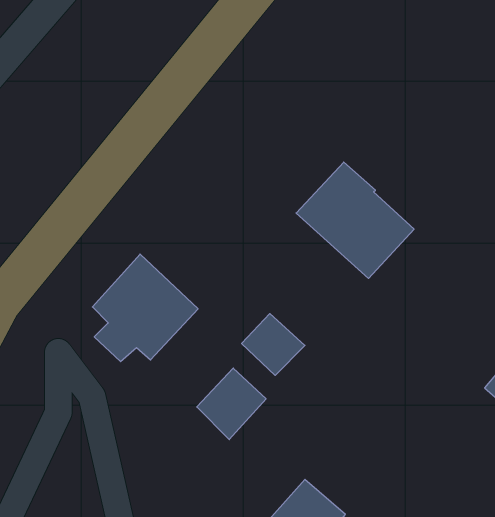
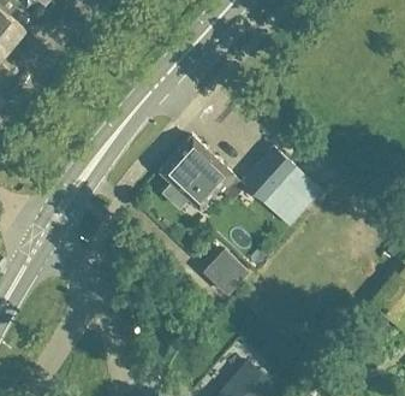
building: [92,254,198,362] -> [159,136,231,209]
building: [197,368,266,440] -> none

